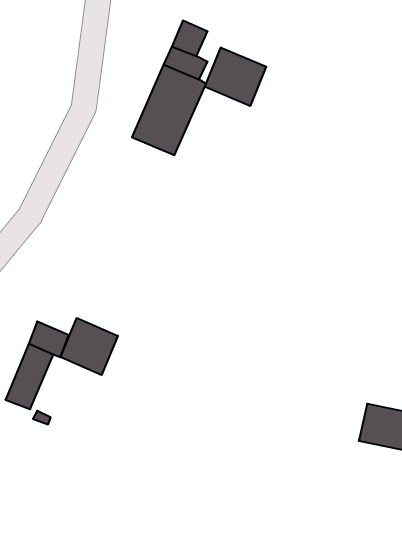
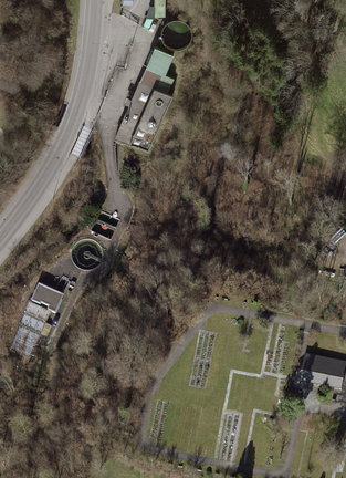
building: [205,47,266,106] -> none
building: [60,318,118,375] -> none

